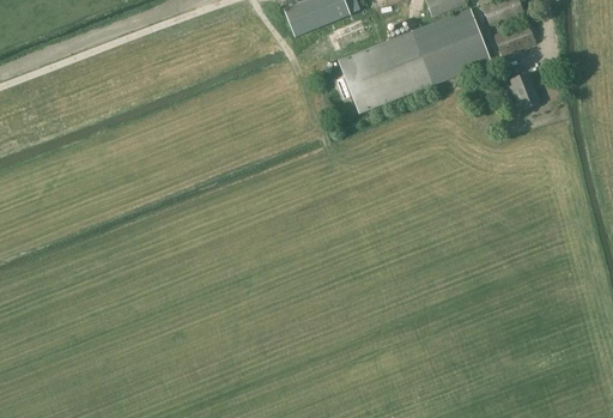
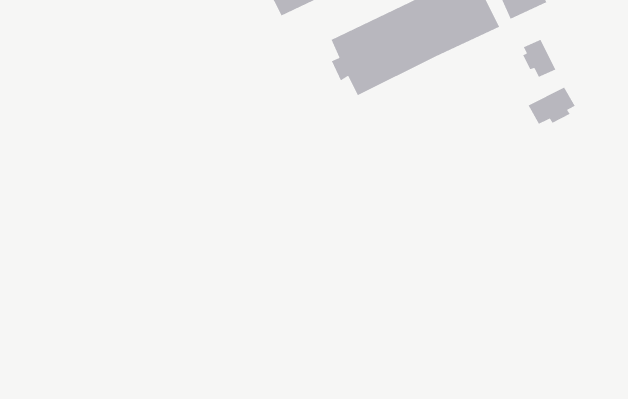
building: none -> [527,86,576,125]

